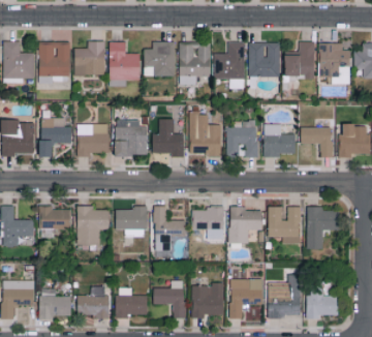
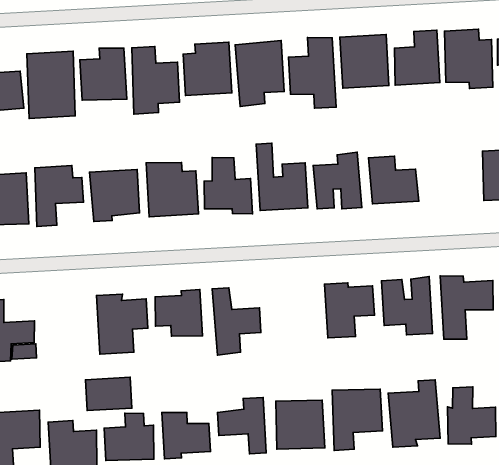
building: [301,126,333,157] -> none
building: [39,208,69,228] -> [85,377,132,411]
building: [191,208,224,239] -> none

